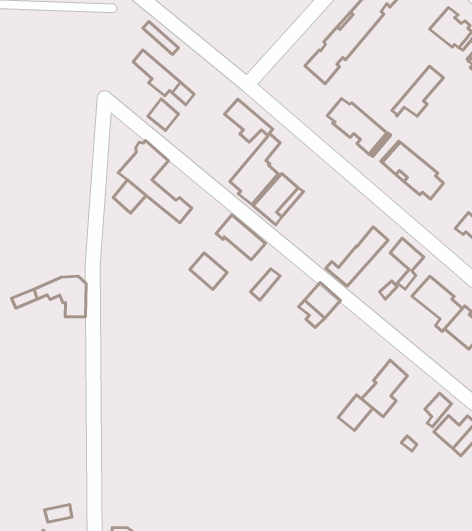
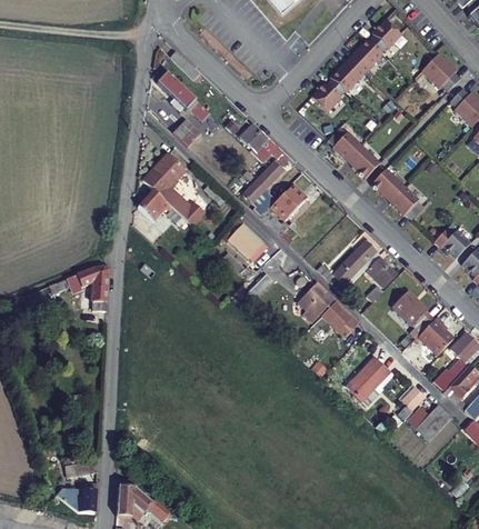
building: [392,66,444,116] -> none
building: [190,253,227,289] -> none
building: none -> [320,305,348,339]
building: [338,395,373,431] -> none

